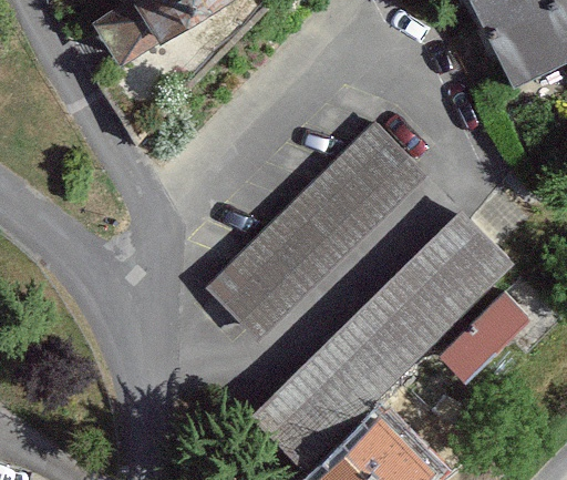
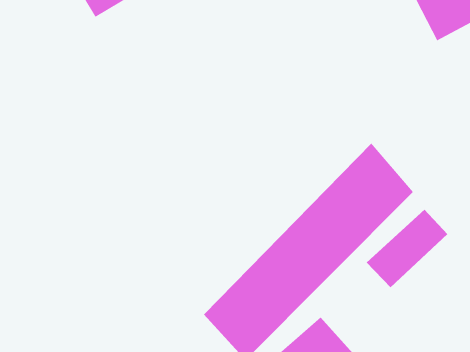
building: [206,131,422,343] -> none

